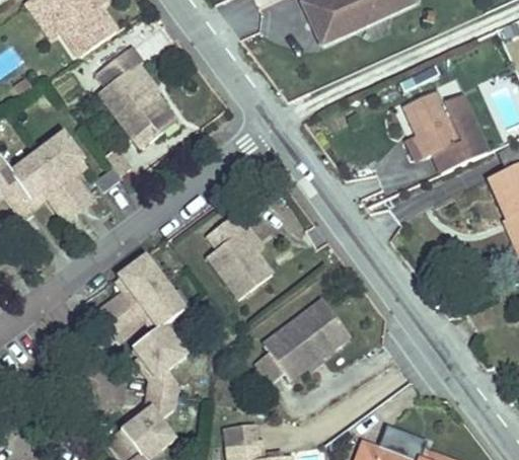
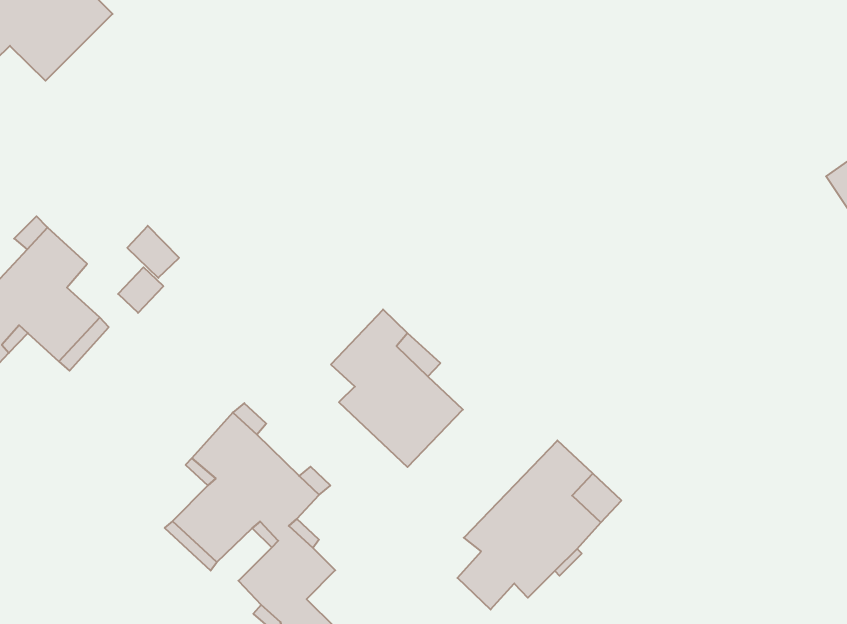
building: [94,46,178,150] -> none
building: [402,91,487,172] -> none

